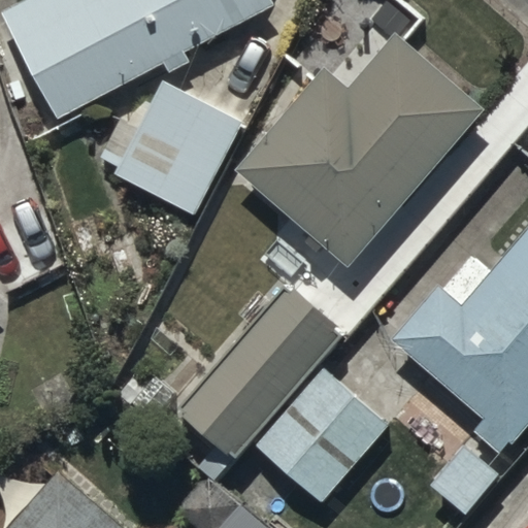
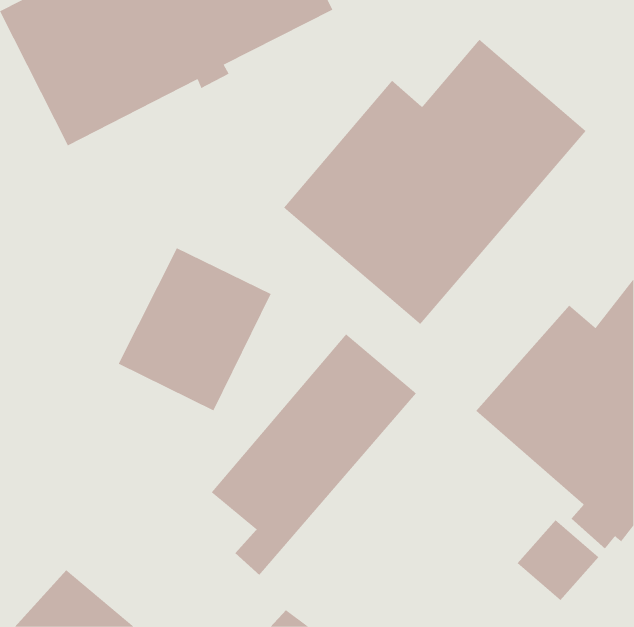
building: [117,84,243,219] -> [118,248,271,411]
building: [253,365,393,506] -> none

